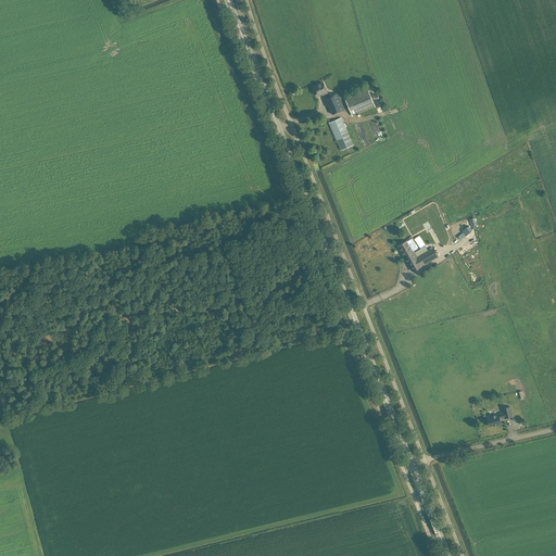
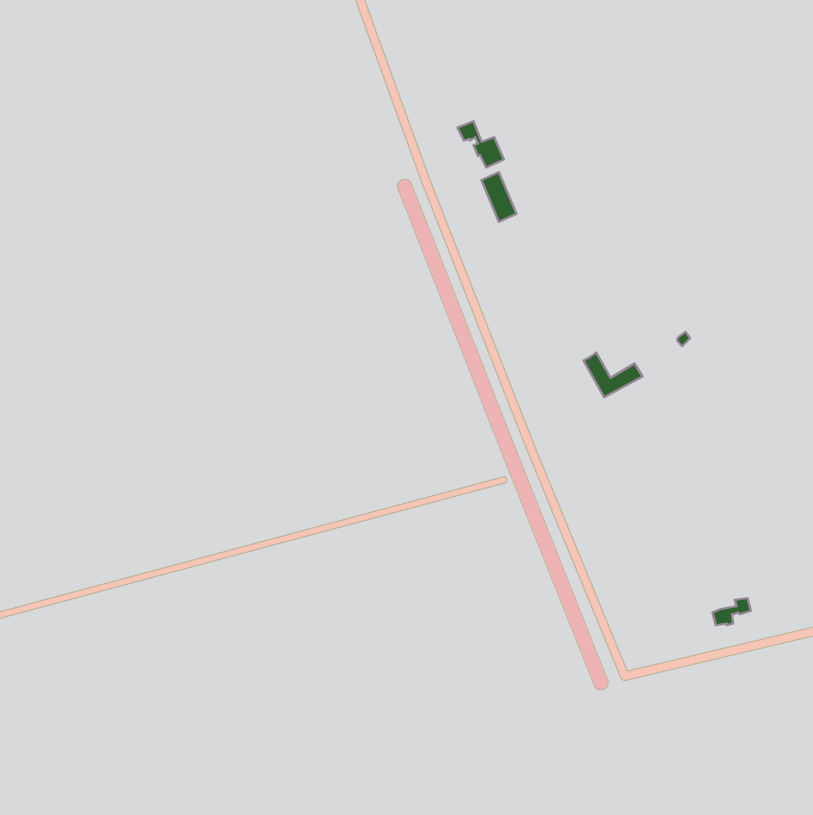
building: [344,89,374,115] -> none

